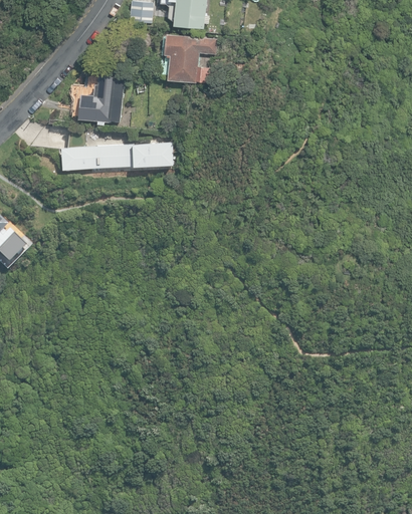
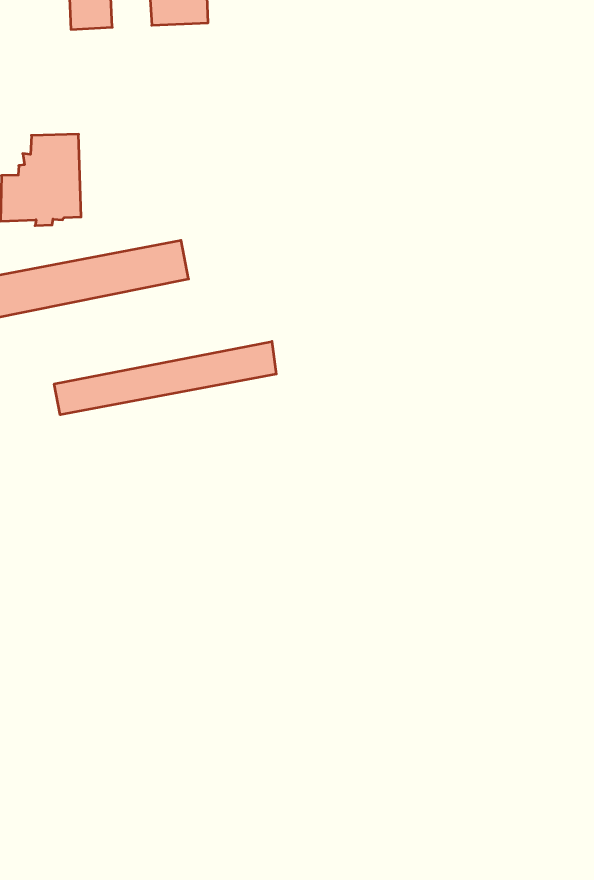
building: [163,33,216,82] -> none
building: none -> [54,341,276,415]

